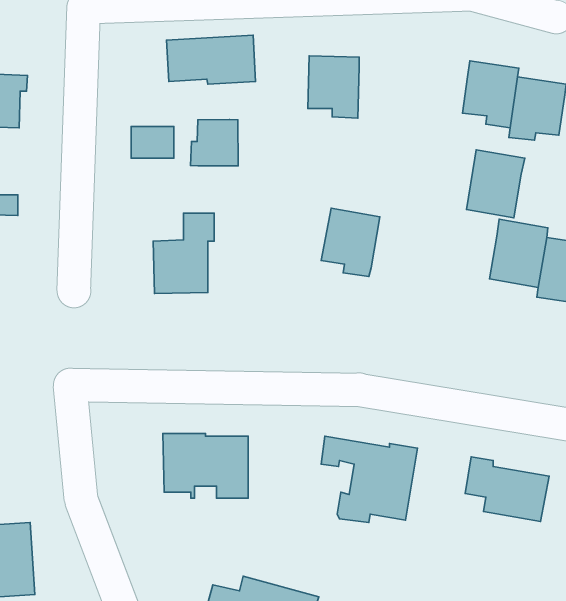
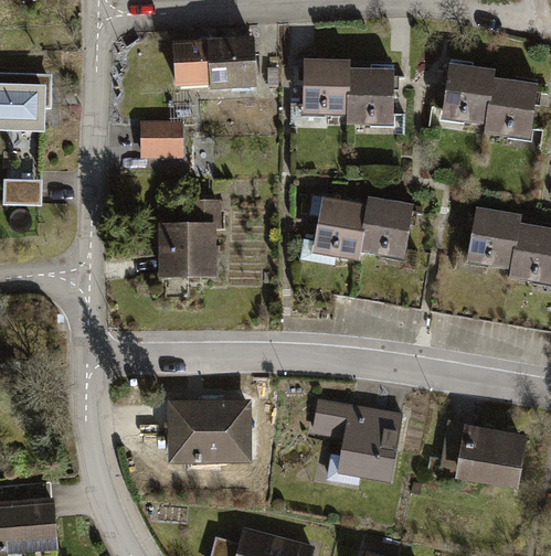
building: none -> [348,70,393,124]
building: [191,119,238,166] -> none
building: [466,150,525,218] -> [360,197,413,259]

